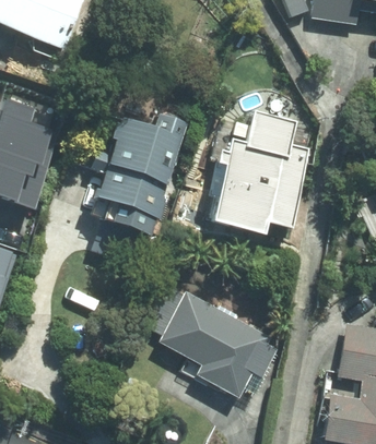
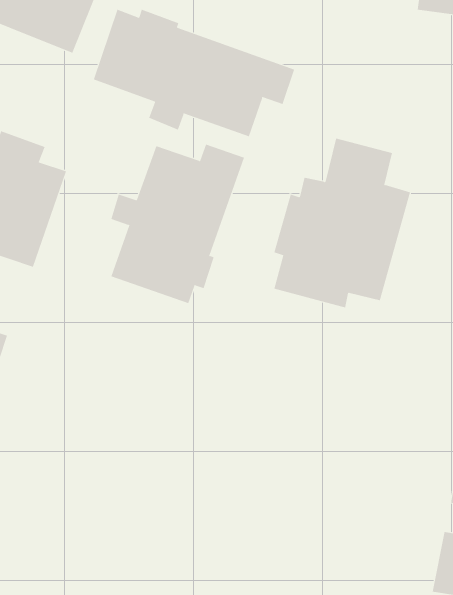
building: none -> [93,9,295,137]
building: [144,281,278,397] -> none

